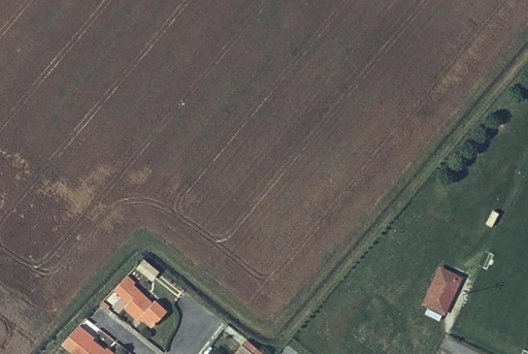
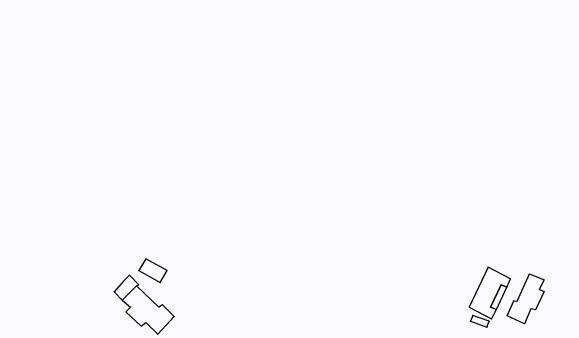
building: none -> [507,274,544,324]

